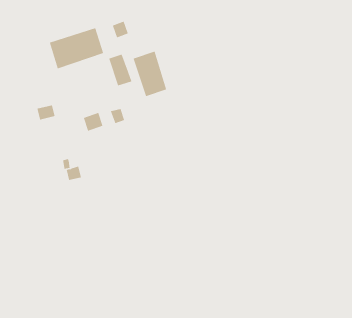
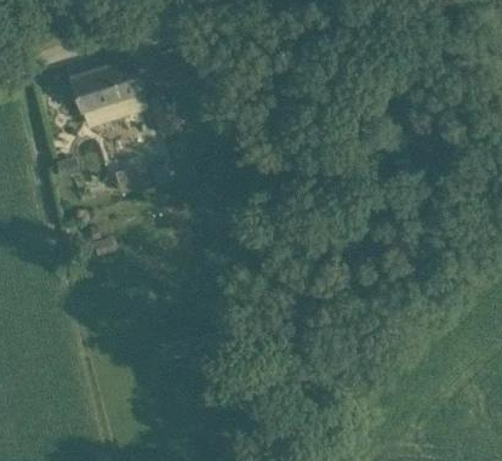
building: [132,50,167,97] -> none

